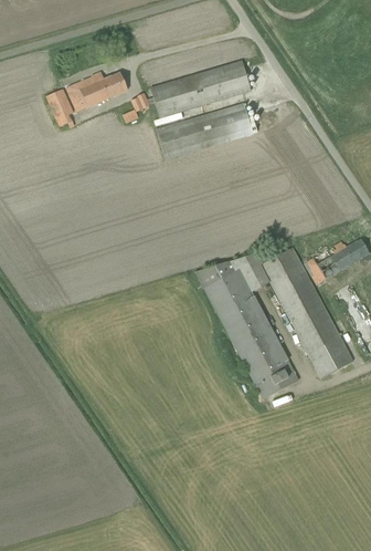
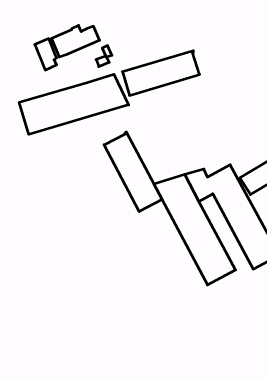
building: [150,60,251,116] -> none
building: none -> [19,74,129,134]
building: none -> [104,132,162,212]

